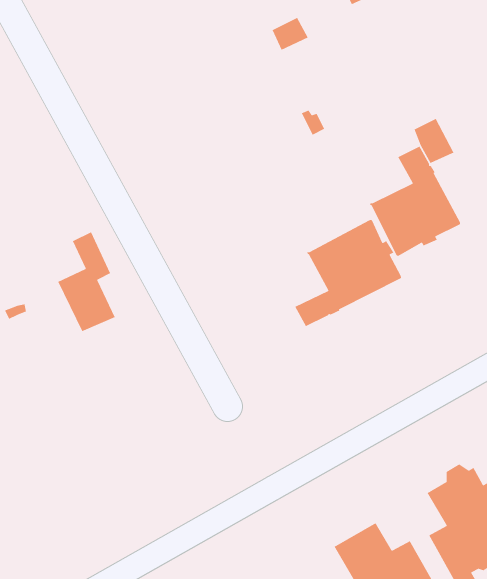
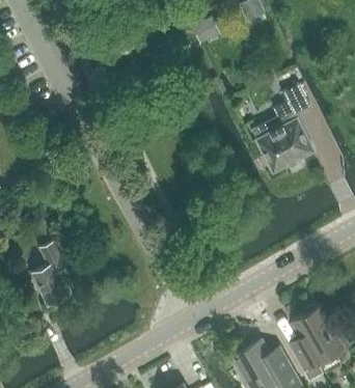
building: [294,219,402,327] -> none
building: [57,231,116,332] -> [31,241,69,305]

